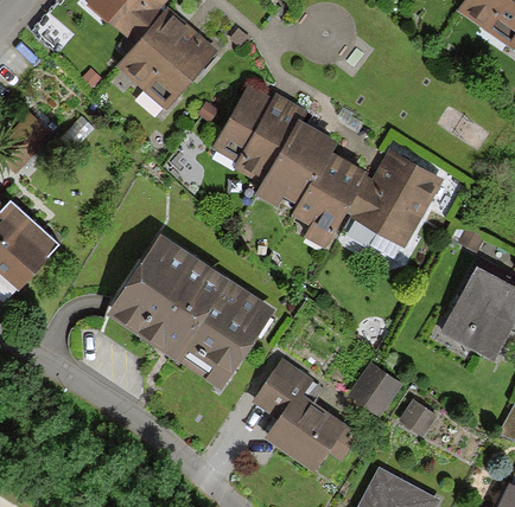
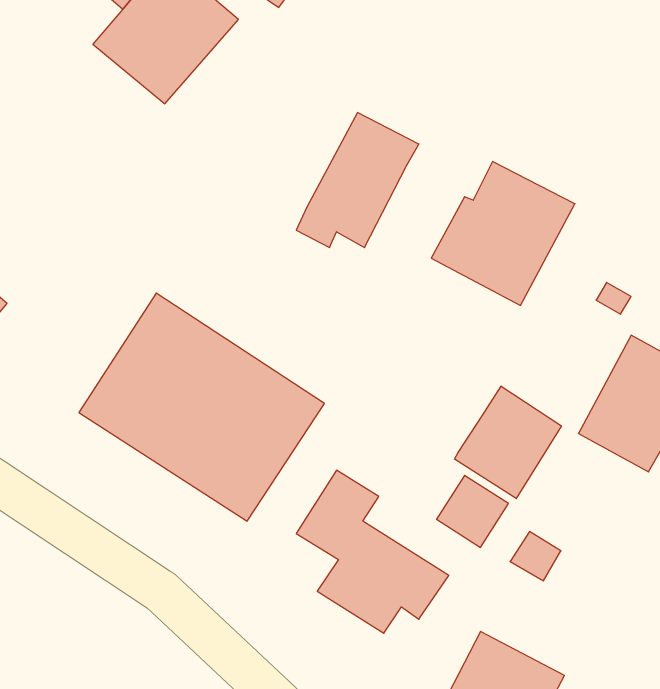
building: [217,86,301,180] -> none
building: [293,152,368,248] -> none
building: none -> [455,386,561,499]

